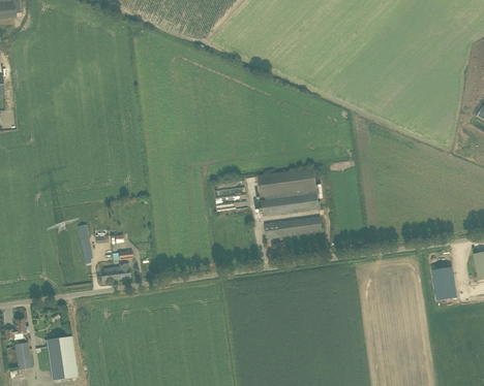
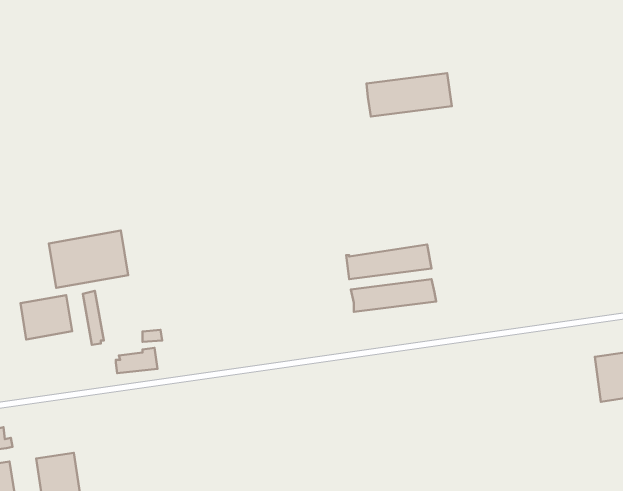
building: [256,167,315,197] -> [366,73,452,117]
building: none -> [49,231,128,288]
building: none -> [20,295,72,339]

